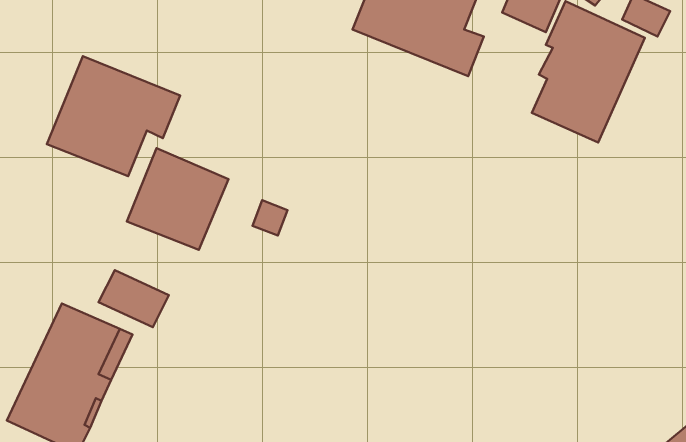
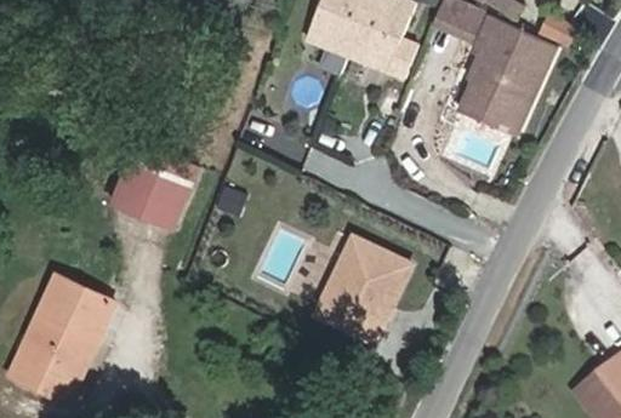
building: [47,56,180,176] -> none
building: none -> [317,236,410,340]
building: [99,270,169,327] -> none

